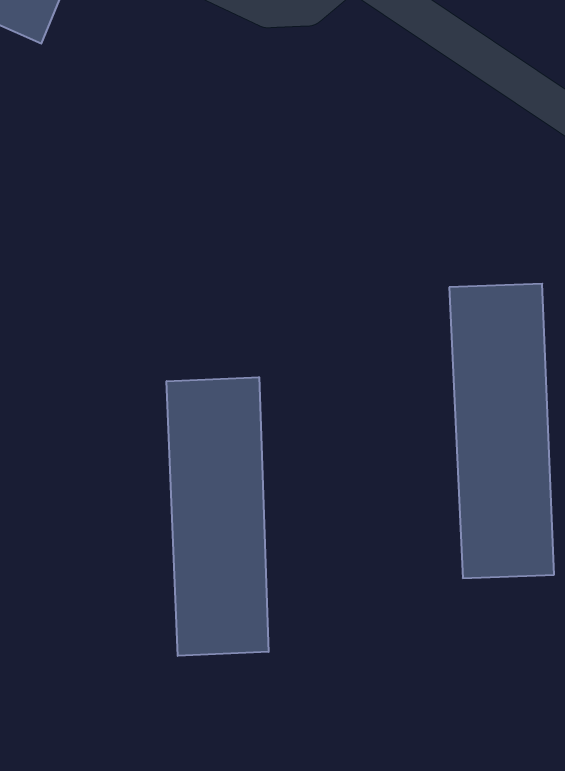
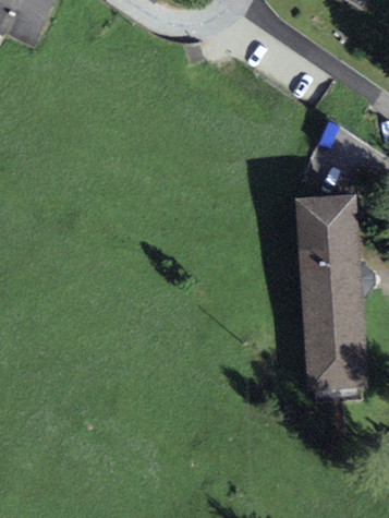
building: [167,377,269,656] -> none

